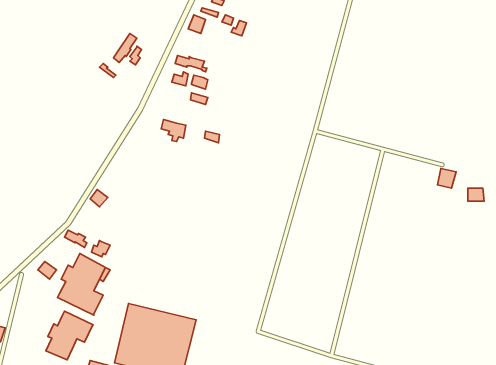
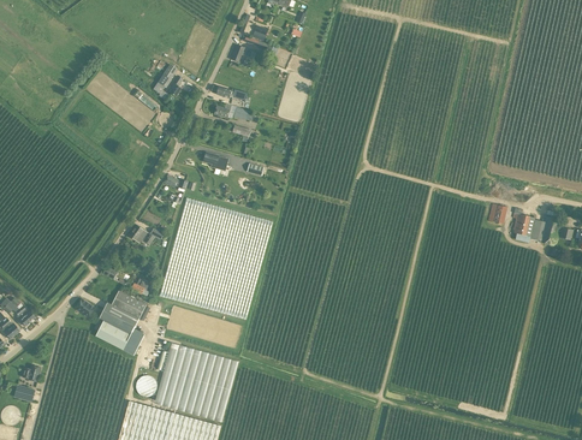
building: [46,311,93,360] -> none

